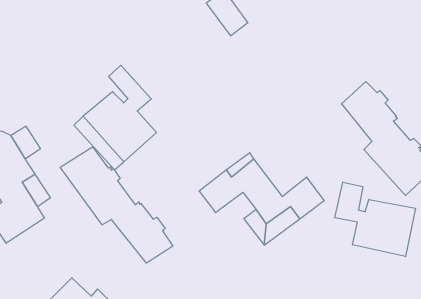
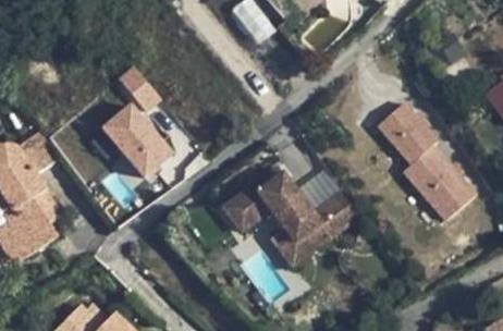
building: [60,147,173,263] -> none
building: [335,182,415,257] -> none

